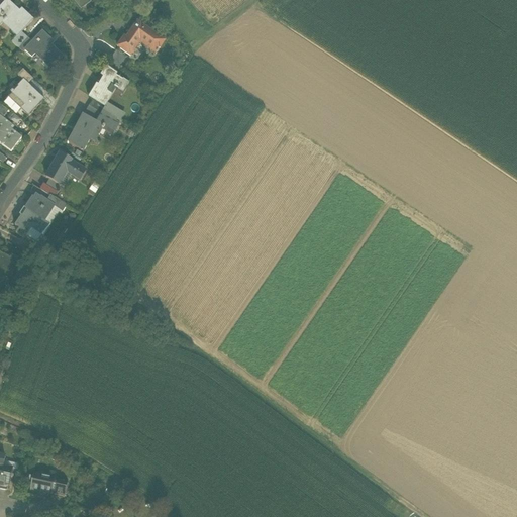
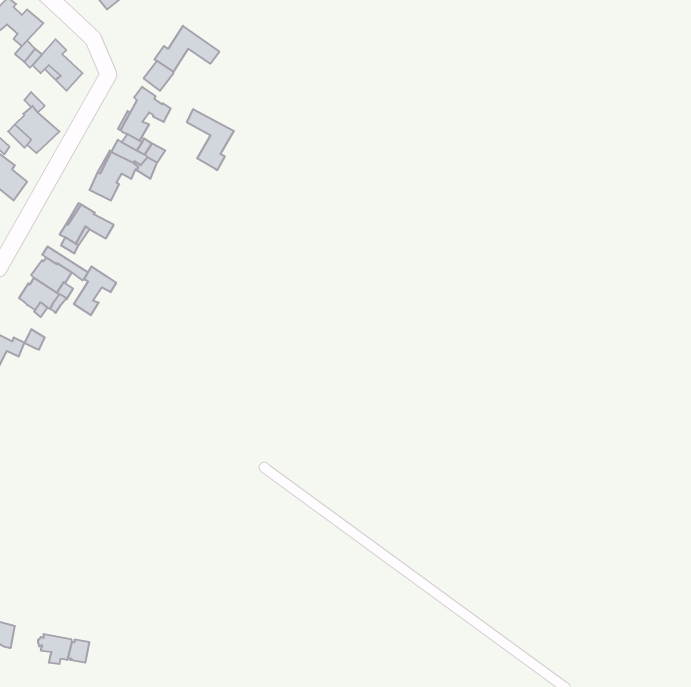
building: none -> [187,109,234,170]
building: none -> [74,266,116,315]

